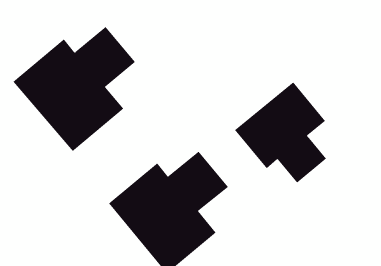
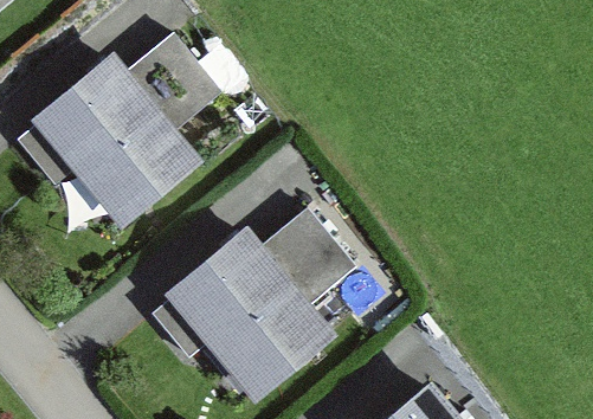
building: [234,82,327,183] -> none

